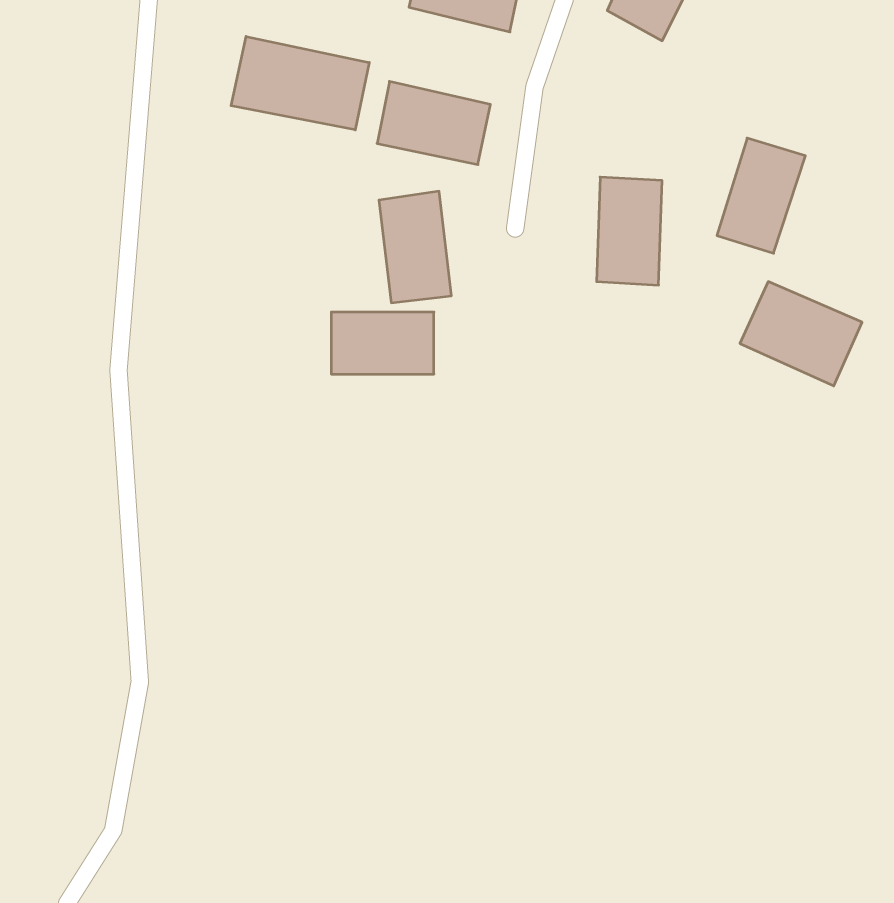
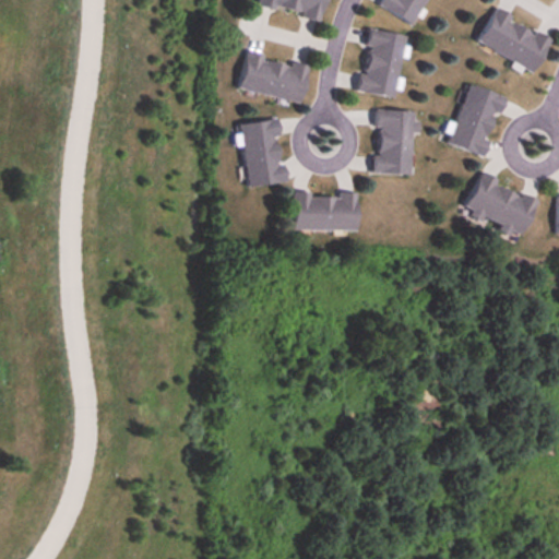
building: none -> [477,8,552,72]
building: [231,36,369,130] -> none
building: none -> [358,29,405,97]
building: [331,312,434,374] -> [294,192,357,230]

